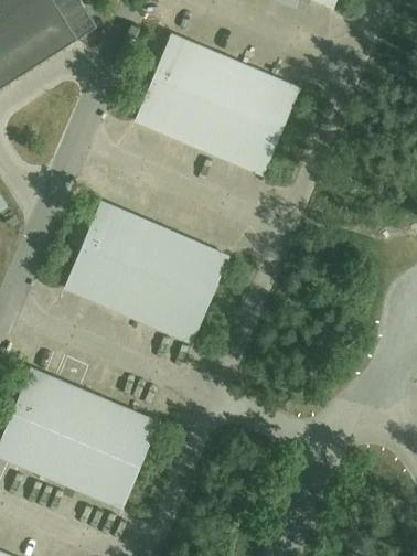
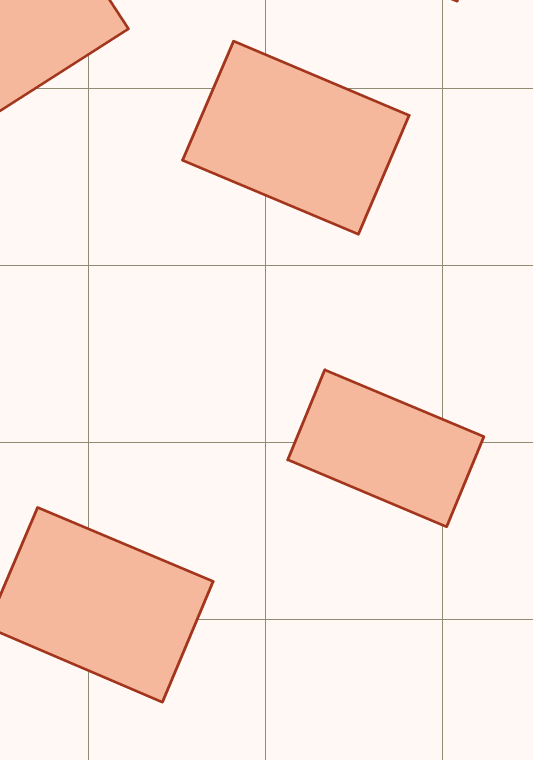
building: [65,203,227,342] -> none
building: none -> [288,370,484,527]

